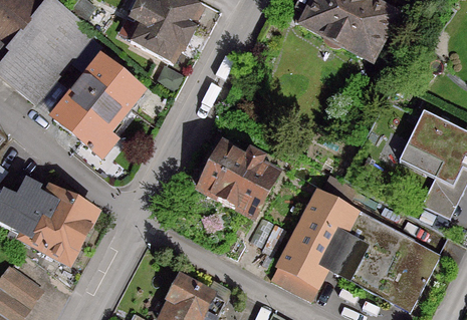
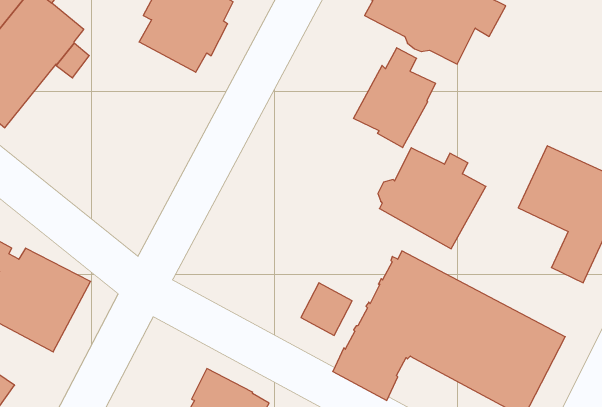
building: none -> [354,48,435,148]
building: [52,57,140,155] -> none
building: [198,144,276,218] -> [378,148,486,249]

